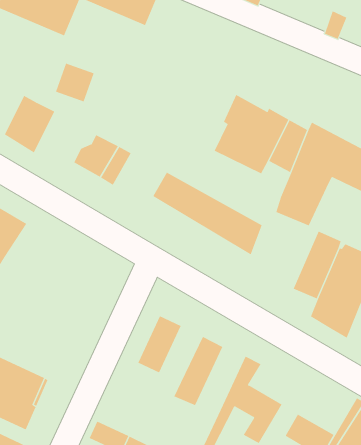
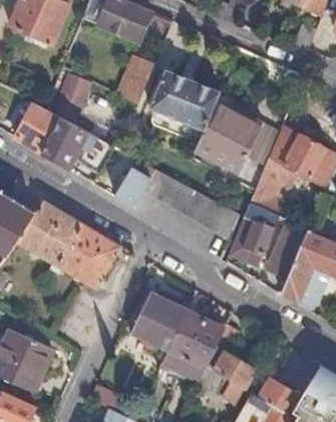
building: none -> [114,57,151,105]
building: none -> [148,69,219,130]
building: none -> [41,116,83,166]
building: none -> [114,159,155,206]
building: none -> [16,200,121,289]
building: none -> [229,203,280,267]
building: none -> [149,301,187,351]
building: none -> [181,320,224,379]

